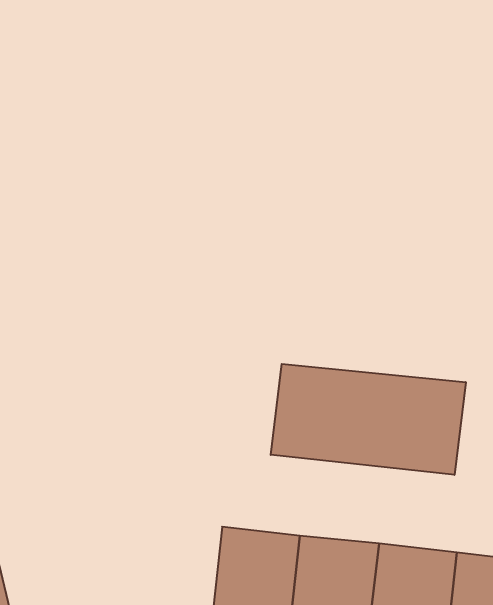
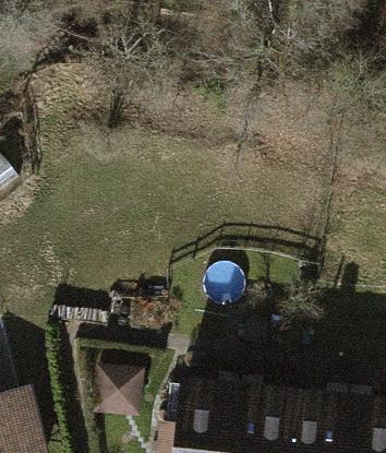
building: [271,364,466,475] -> none

